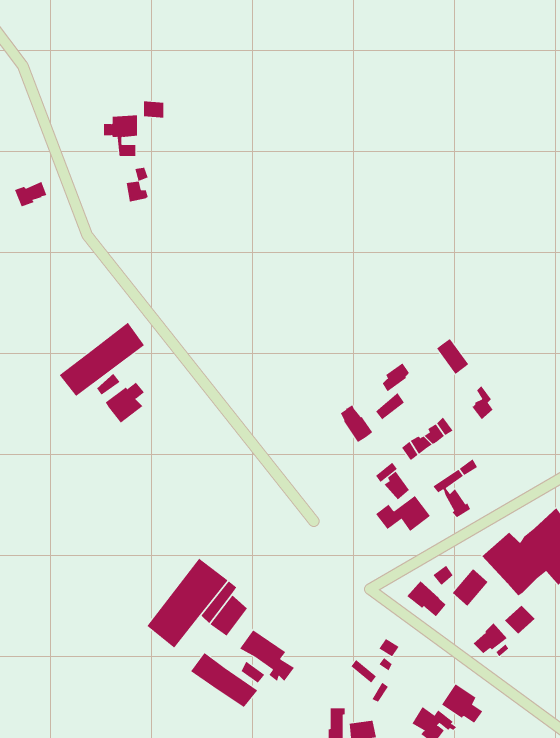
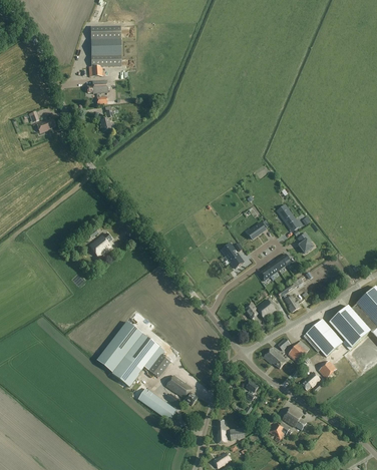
building: none -> [87,26,121,76]
building: [59,322,145,397] -> none
building: none -> [96,322,142,373]

